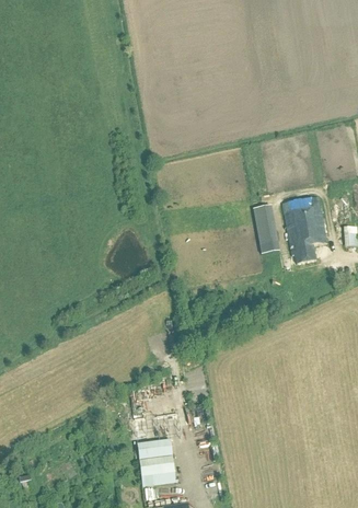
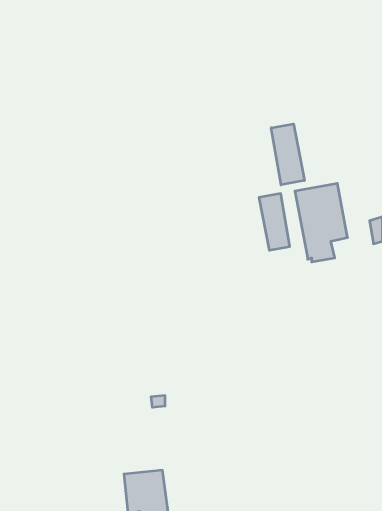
building: none -> [271,124,304,185]

